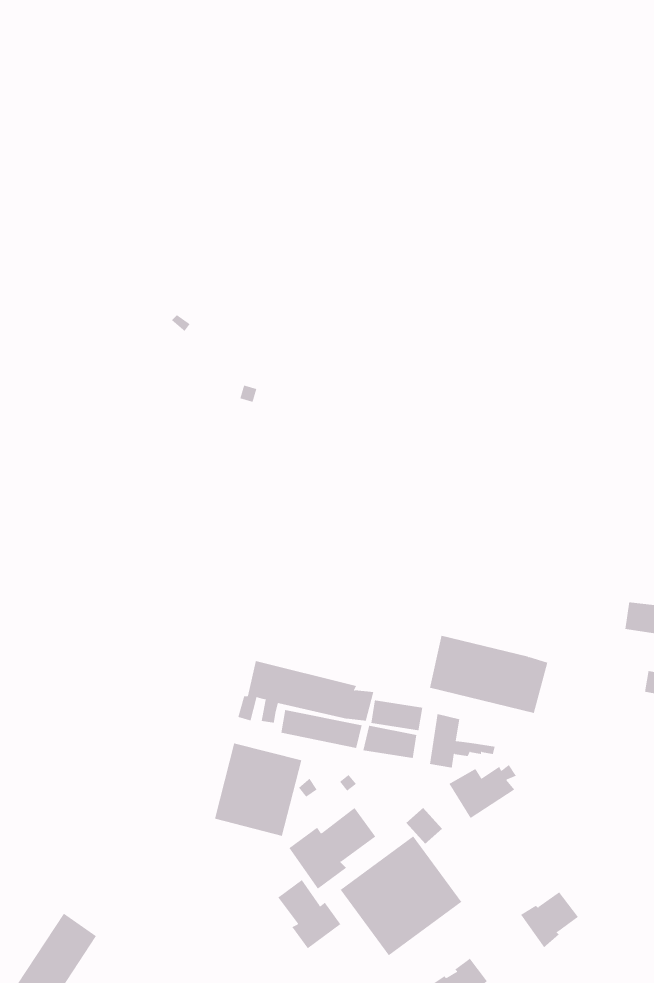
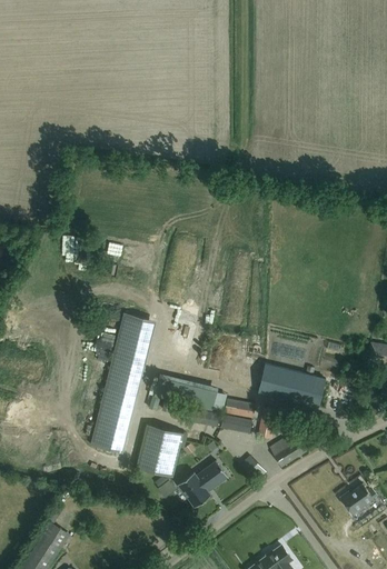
building: none -> [90,312,156,453]
building: [340,836,462,956] -> none
building: [278,879,341,949] -> none
building: [520,891,579,948] -> [340,483,374,516]

